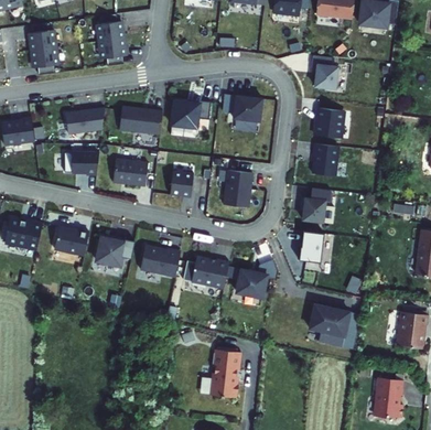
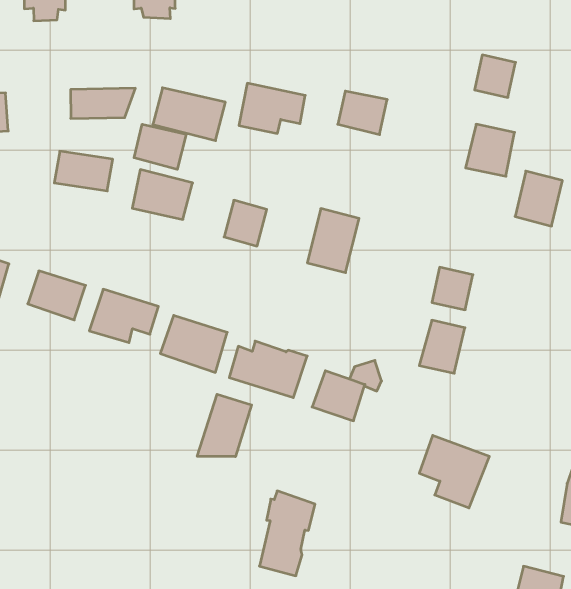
building: none -> [134,124,186,169]
building: [312,142,338,174] -> [515,171,562,226]
building: none -> [197,394,252,457]

